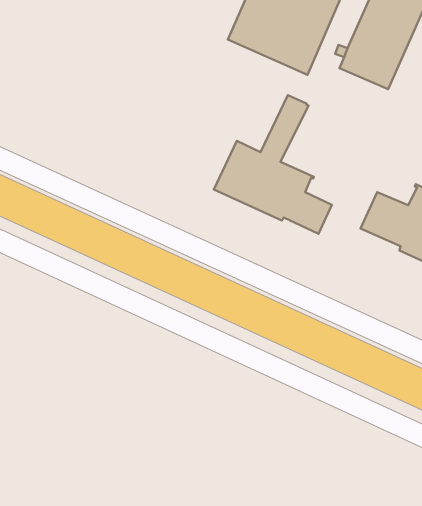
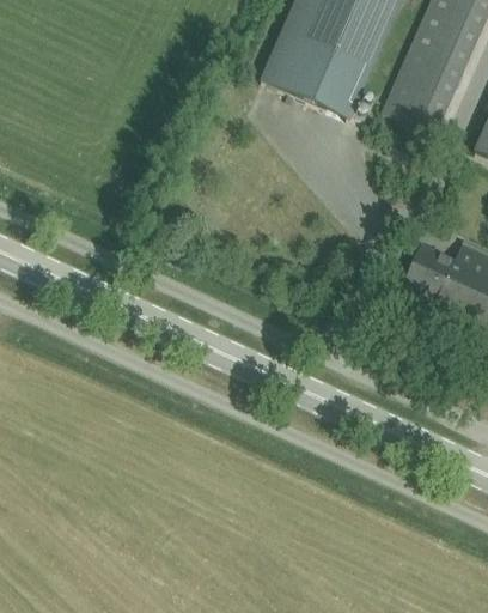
building: [214,95,332,234] -> none

